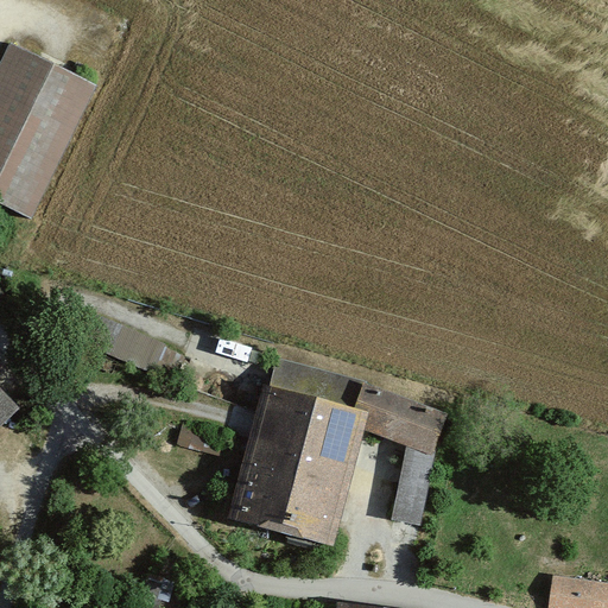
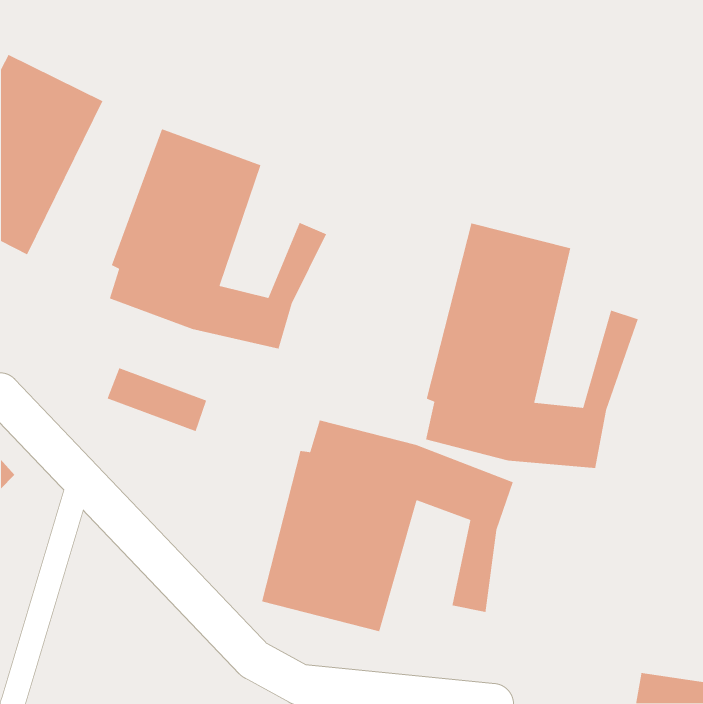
building: none -> [109,128,327,350]
building: none -> [425,222,639,469]

